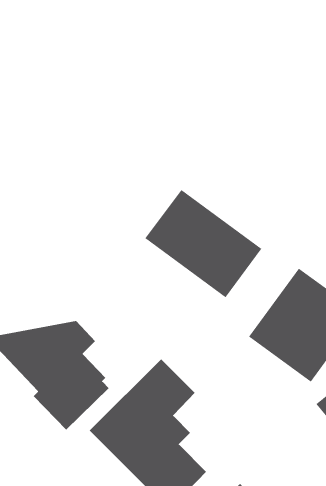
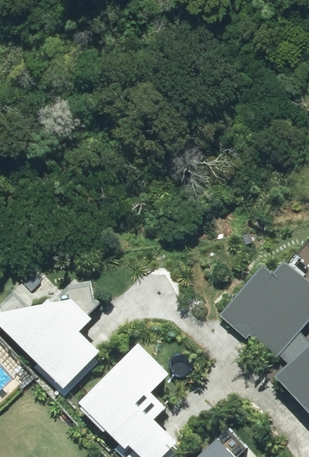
building: [145,189,262,298] -> none

